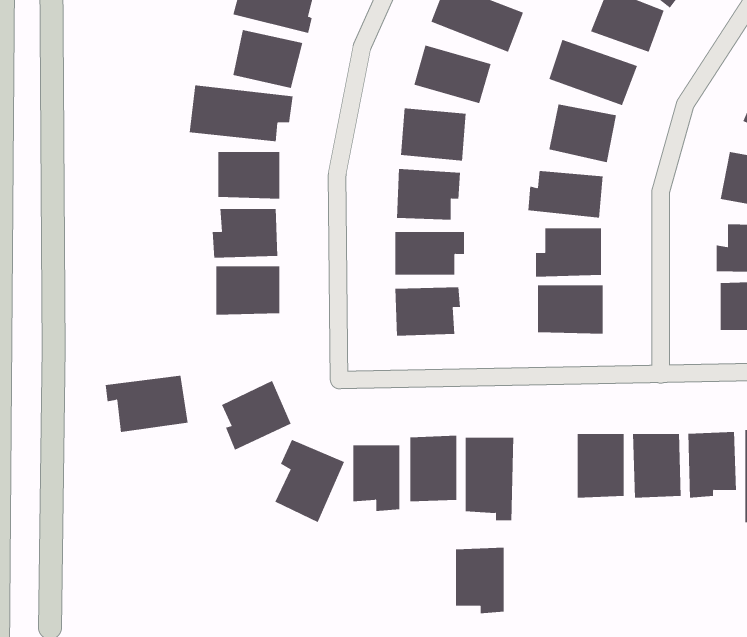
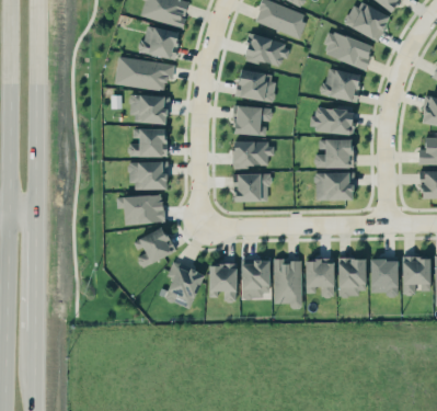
building: [105,375,189,432] -> [117,193,165,226]
building: [455,547,505,614] -> [306,259,334,297]

